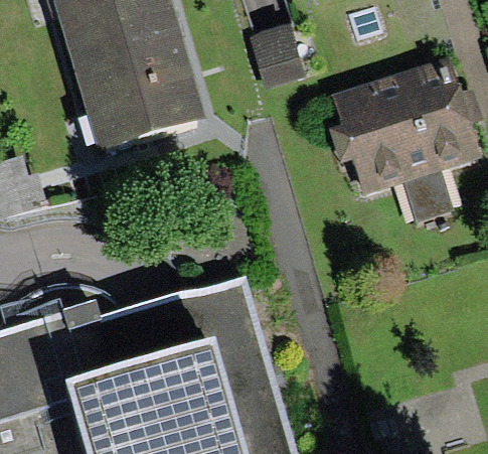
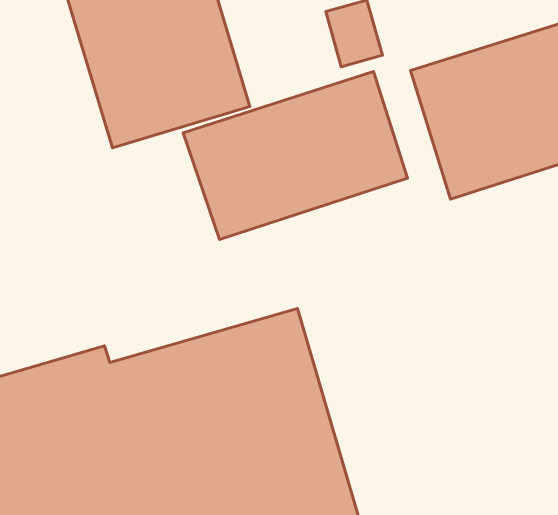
building: none -> [183,72,407,239]

